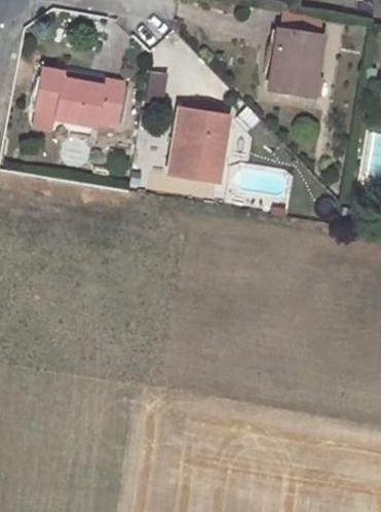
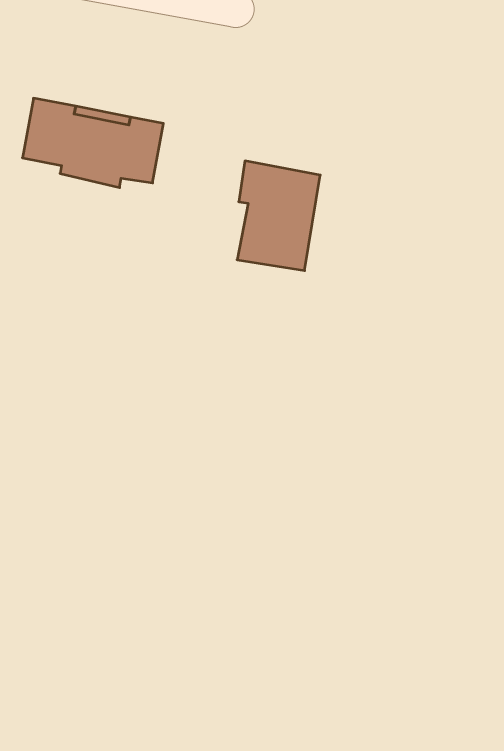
building: [270,31,322,96] -> none

